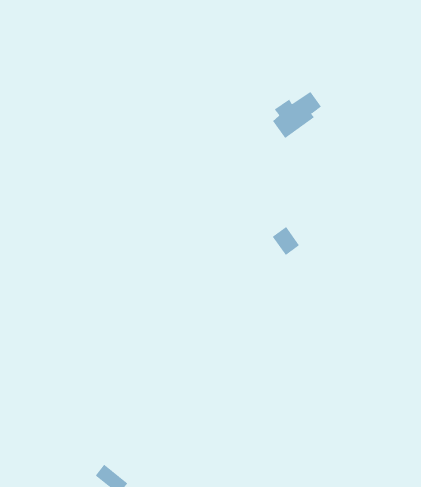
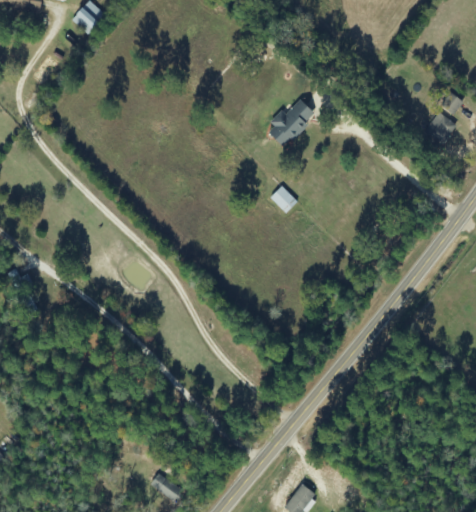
building: [272,226,300,256] -> [270,185,297,213]

